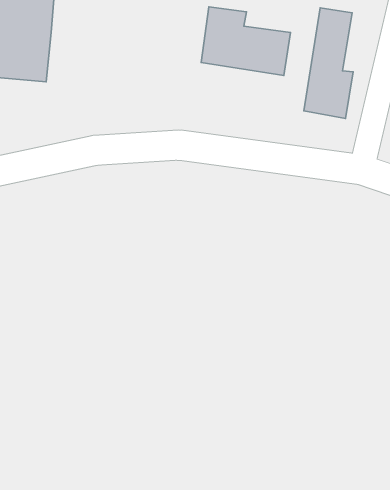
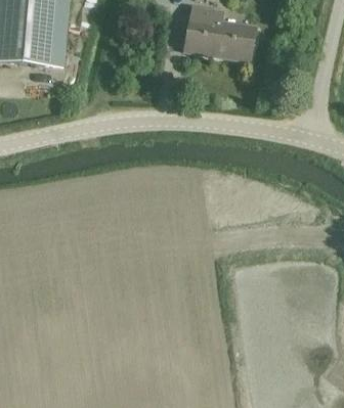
building: [304,8,353,119] -> none

